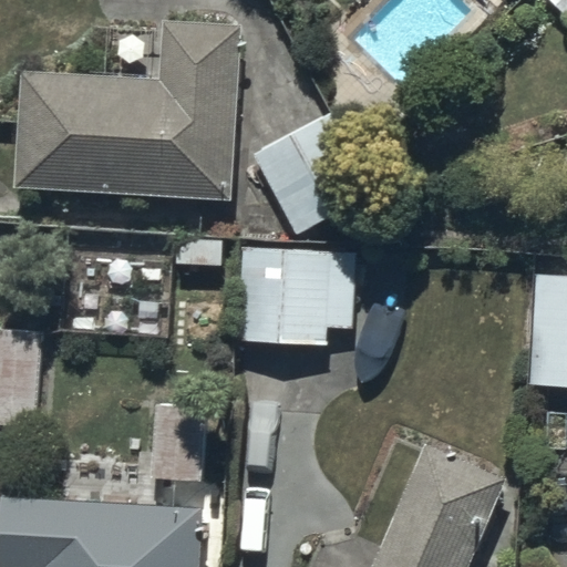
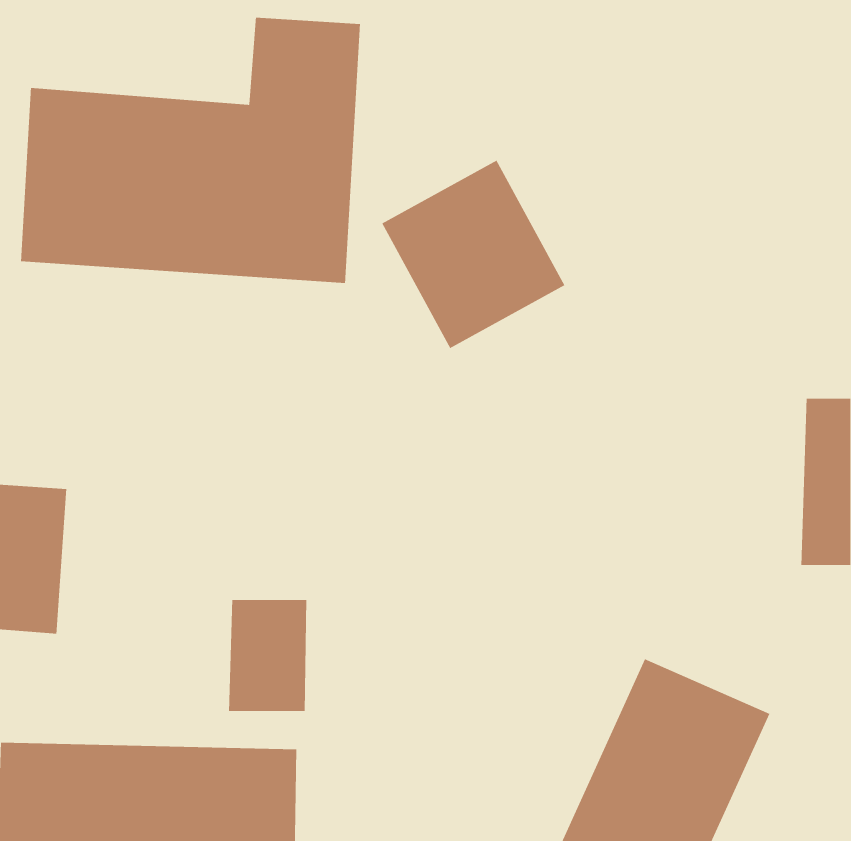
building: [239,247,354,344] -> none

